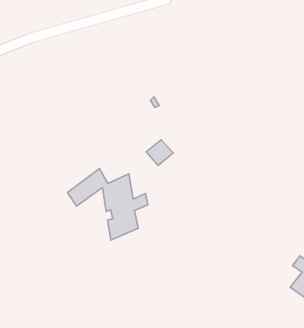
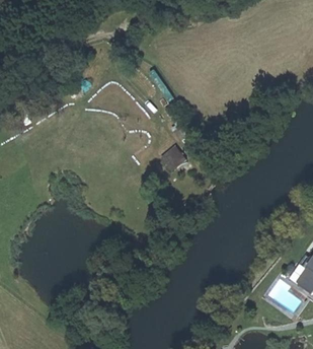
building: [67,169,148,240] -> none

